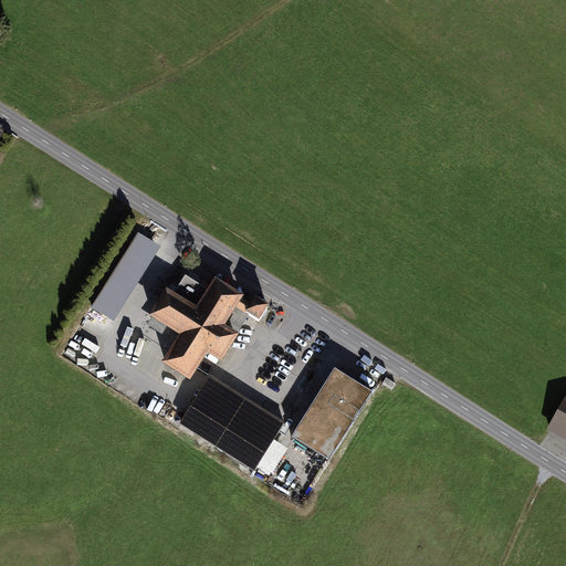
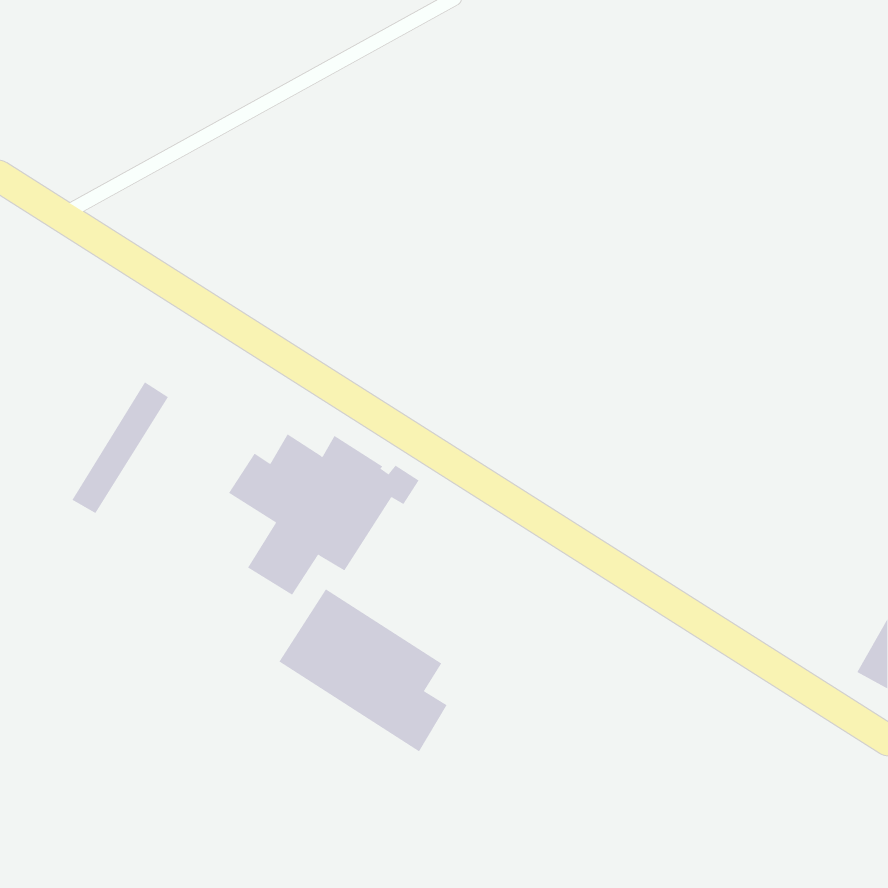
building: [96,235,158,319] -> [71,381,169,514]
building: [289,366,369,458] -> none

